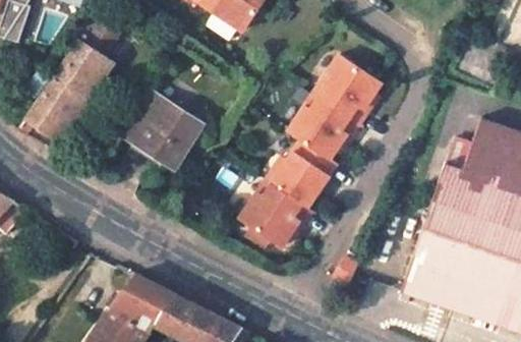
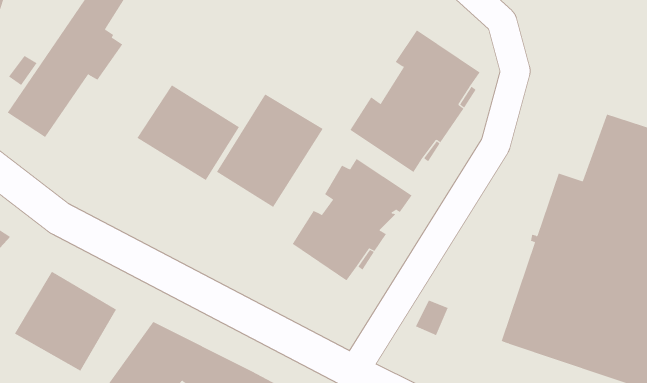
building: none -> [216,94,324,208]
building: none -> [14,271,117,372]

